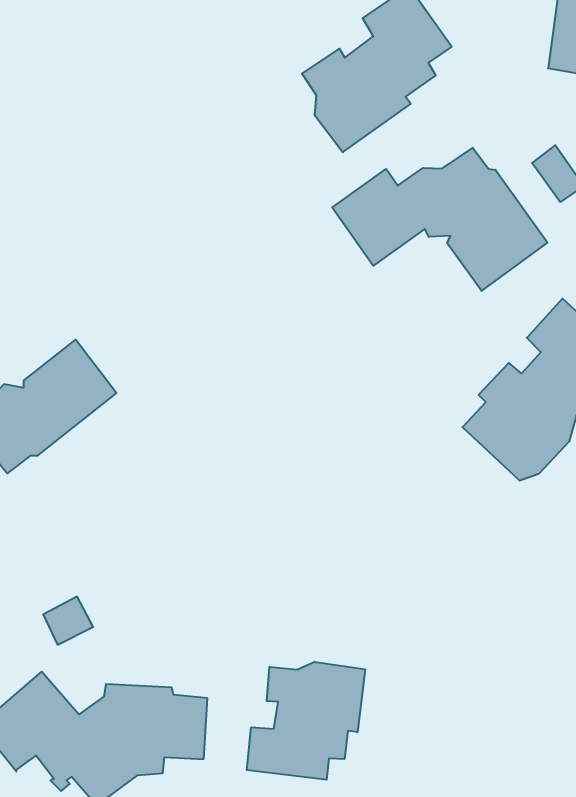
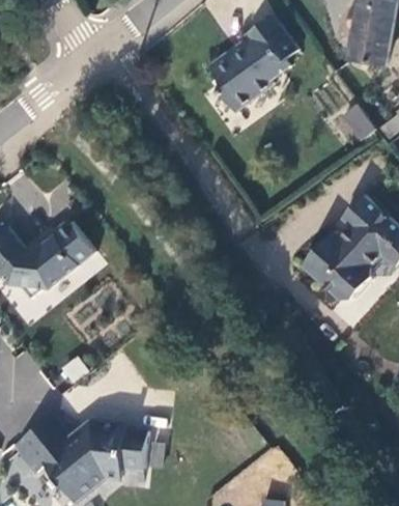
building: [332,148,547,291] -> none
building: [247,662,365,780] -> none

